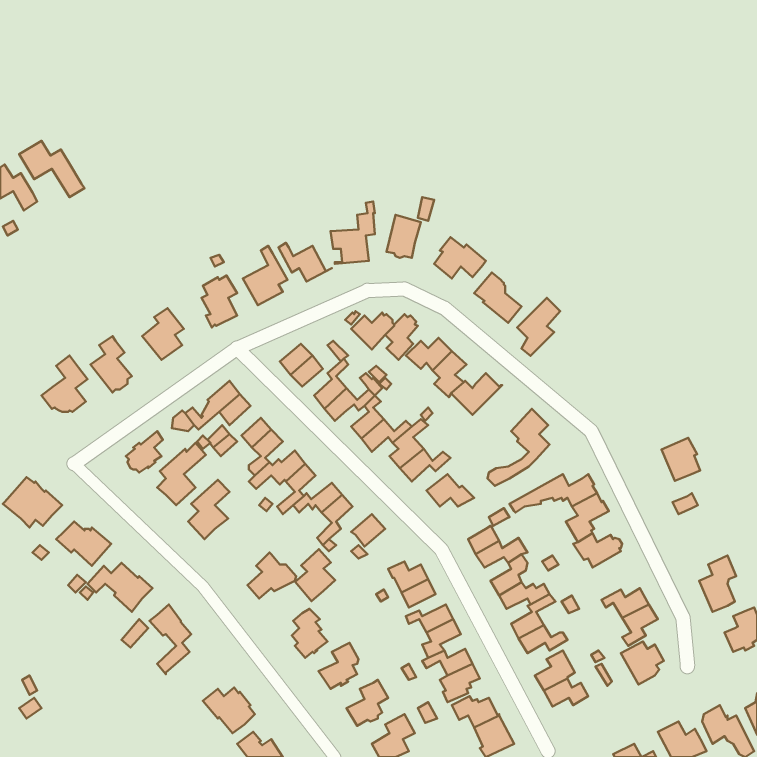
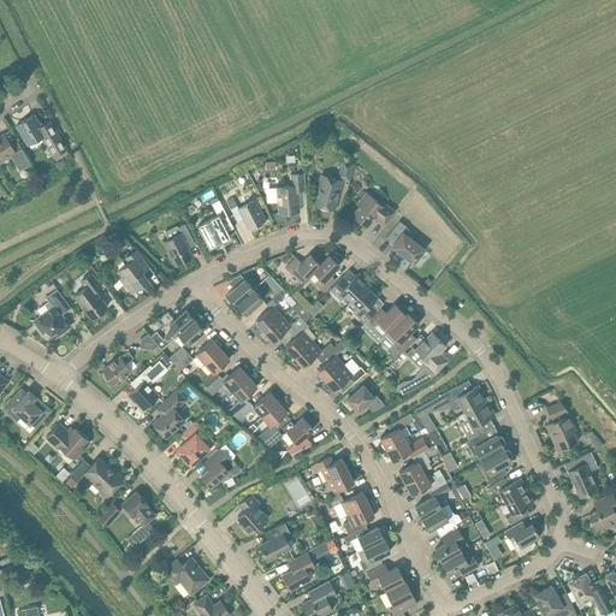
building: [517,298,560,356] -> [384,313,419,360]
building: [662,438,700,481] -> [546,415,578,450]
building: [295,549,335,601] -> [177,422,209,464]
building: none -> [481,448,513,482]

